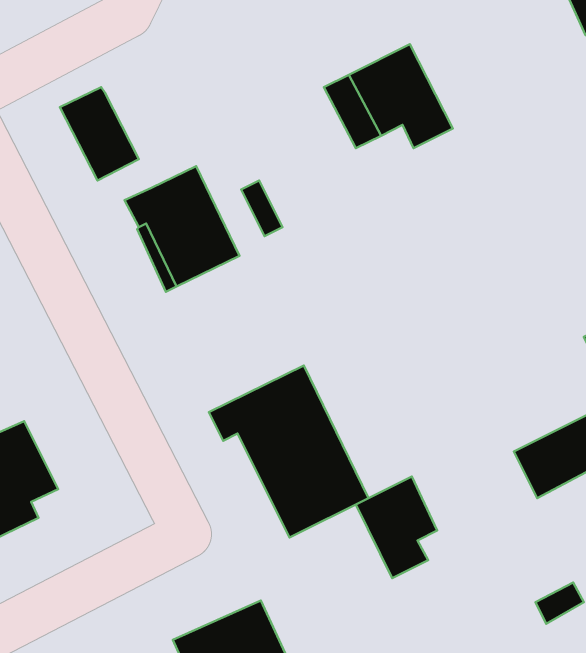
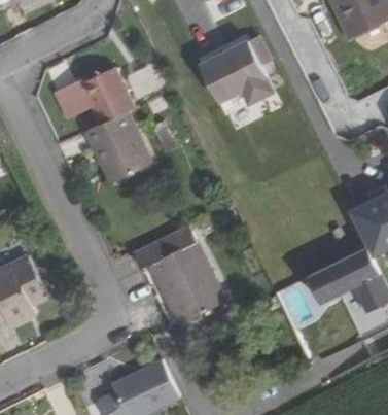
building: none -> [73,54,134,125]
building: [356,477,437,578] -> none

